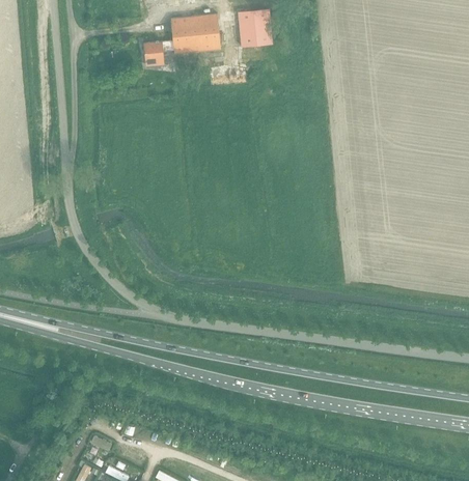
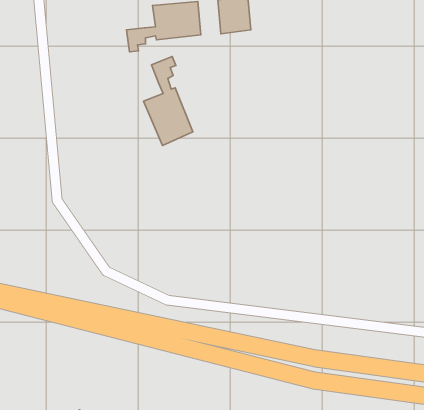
building: none -> [143,57,193,146]

